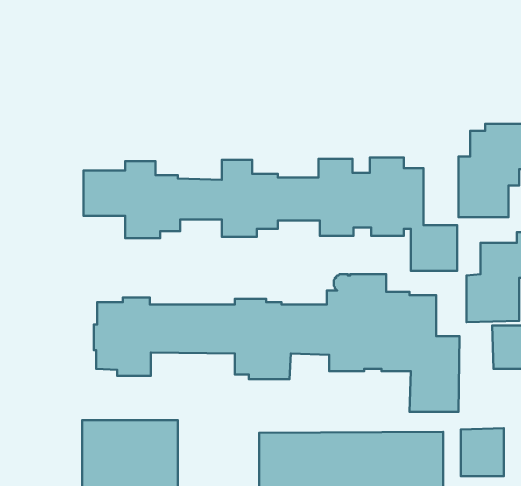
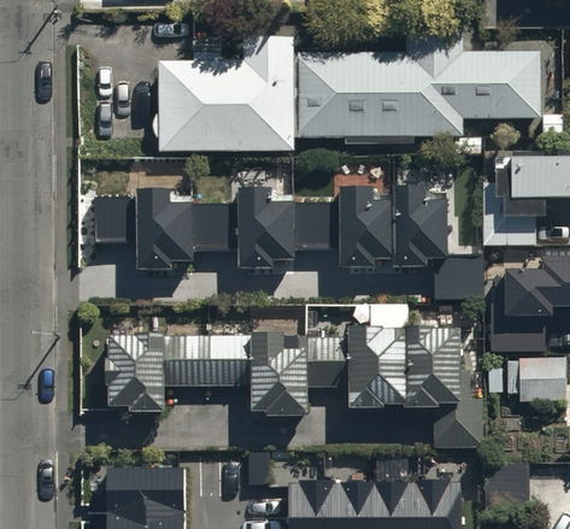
building: none -> [300,28,542,146]
building: none -> [163,36,294,151]

